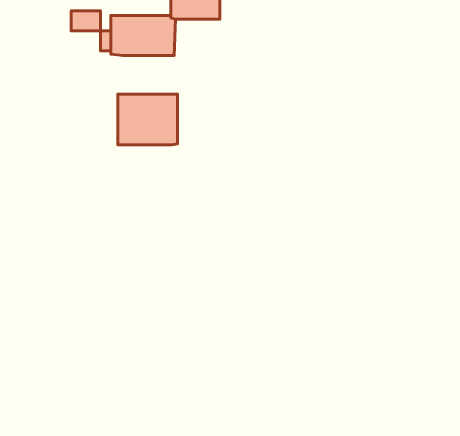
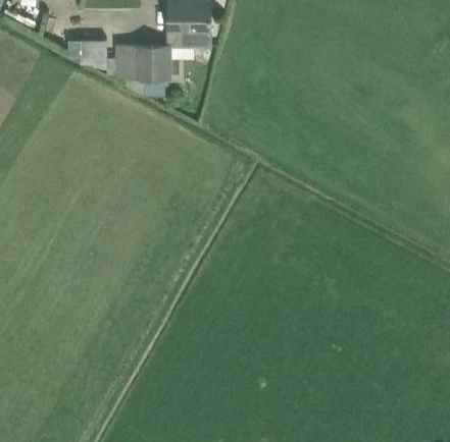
building: [118,94,177,145] -> none

